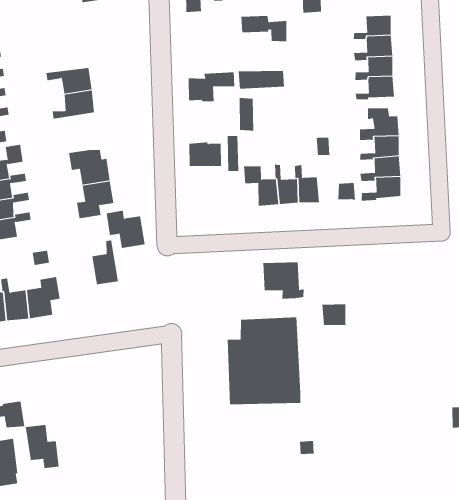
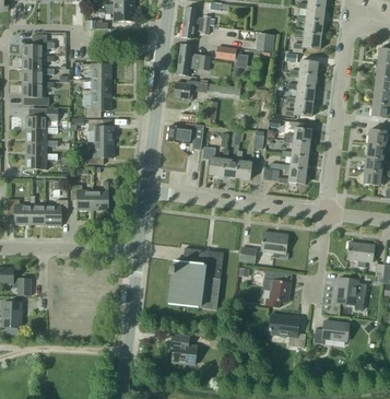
building: none -> [177,43,210,75]
building: none -> [85,94,110,116]
building: [106,210,145,248] -> [70,184,93,209]
building: [262,262,305,299] -> [261,231,288,258]
building: none -> [263,269,291,307]
building: none -> [269,314,306,347]
building: [25,424,59,469] -> none
building: none -> [170,332,197,364]

